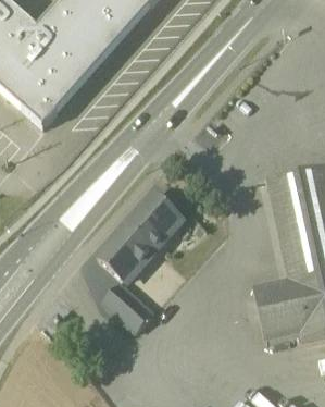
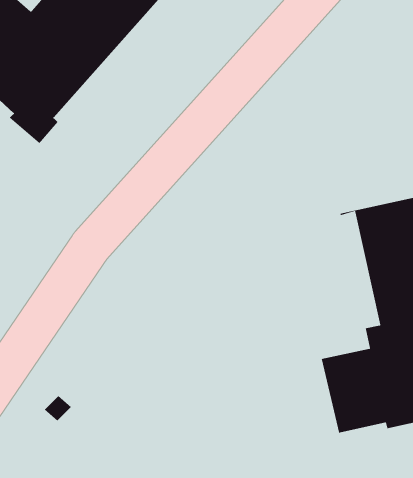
building: [96,190,182,280] -> none
building: [104,284,150,330] -> none

